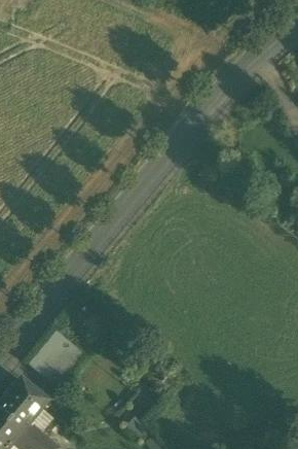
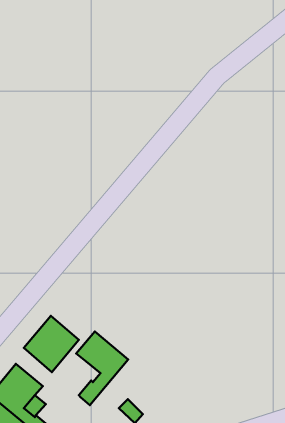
building: none -> [76,332,128,405]

